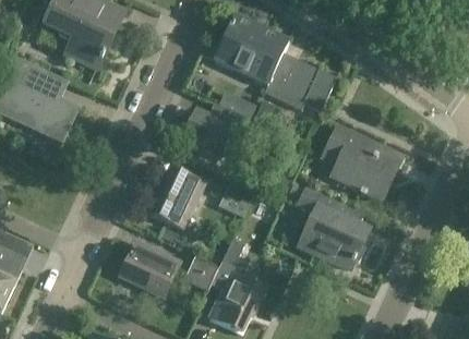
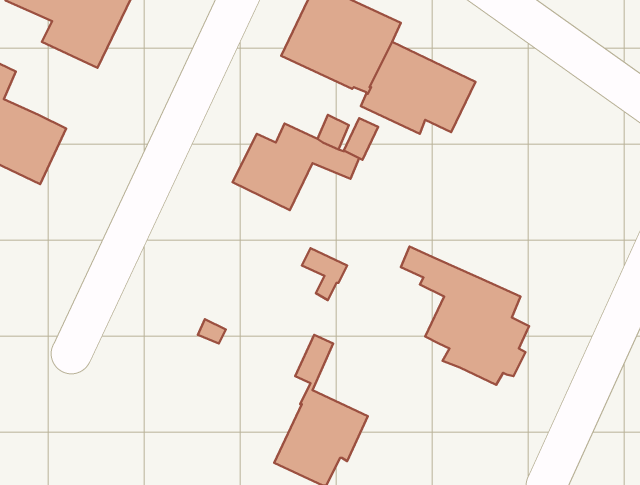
building: [323,124,404,198] -> none
building: [153,167,205,229] -> none
building: [121,241,181,295] -> none
building: [183,254,219,290] -> none

